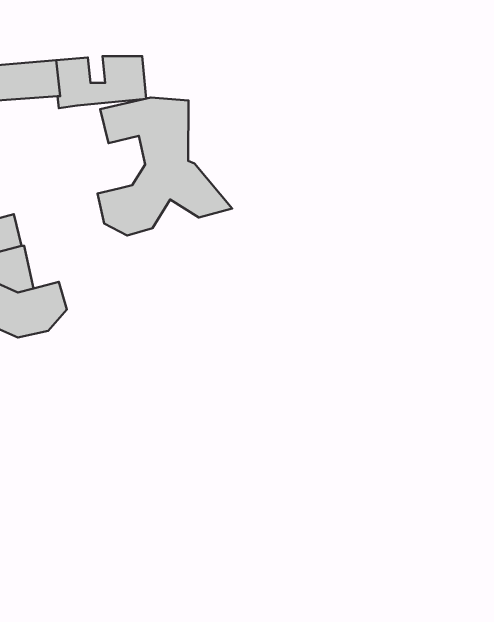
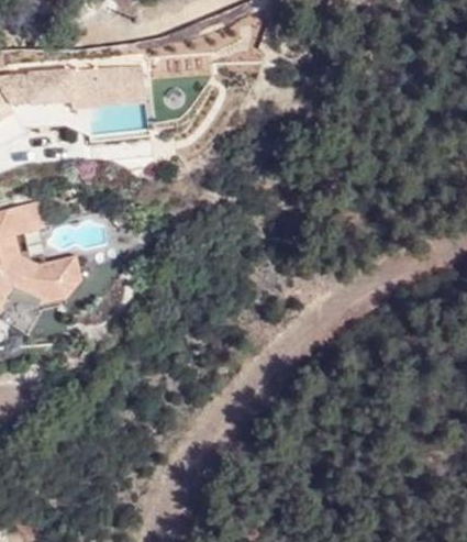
building: [98,98,232,235] -> none

